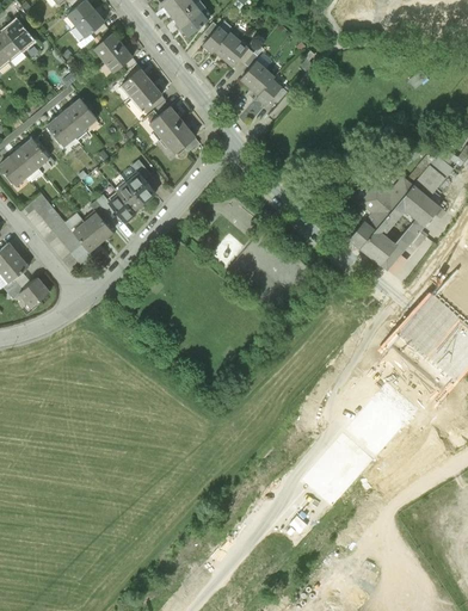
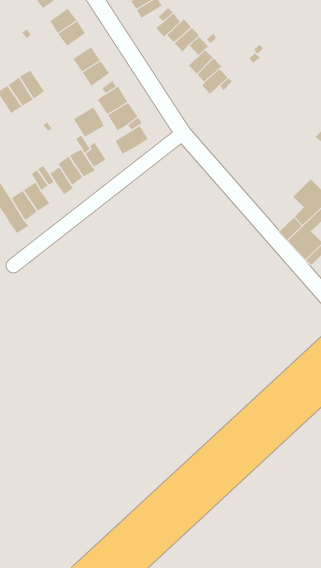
building: none -> [73,106,104,138]
building: none -> [115,125,149,155]

